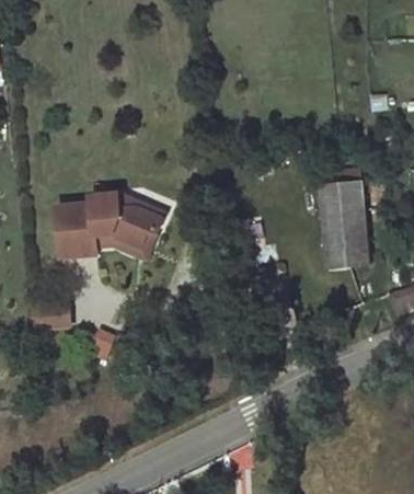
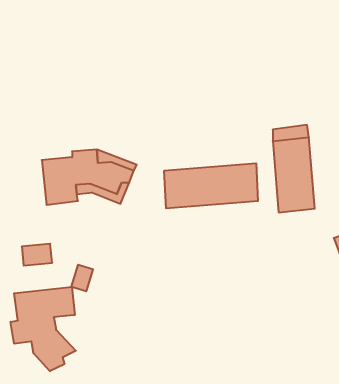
building: none -> [164,163,258,208]
building: none -> [11,287,76,371]

